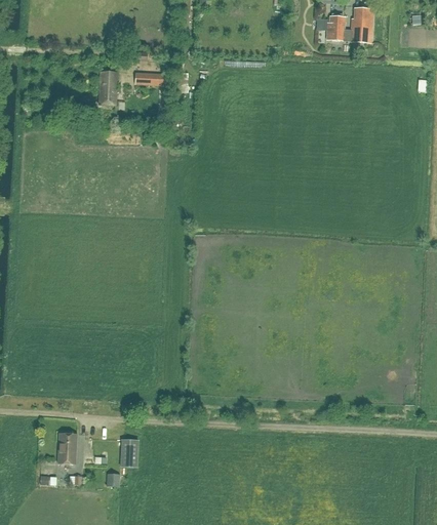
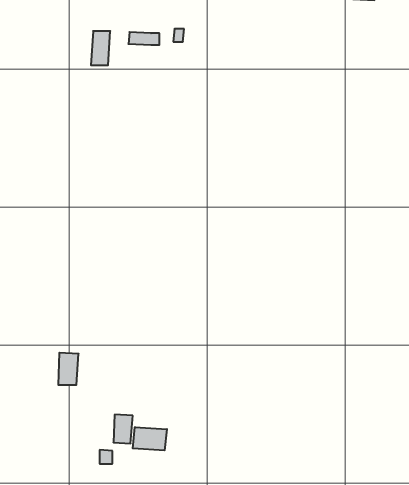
building: [57,433,77,463] -> [58,353,79,385]
building: none -> [133,427,167,450]

